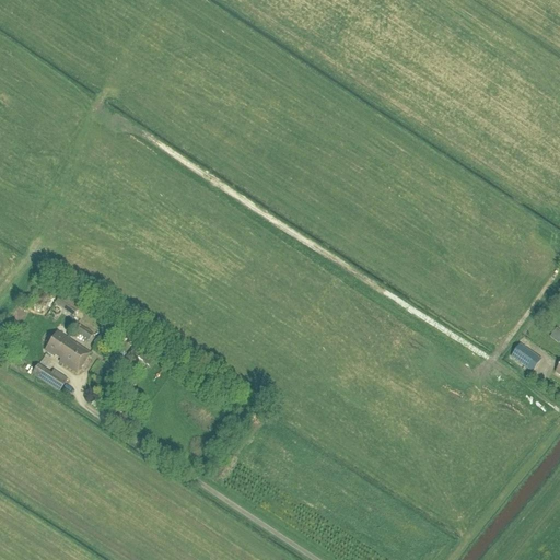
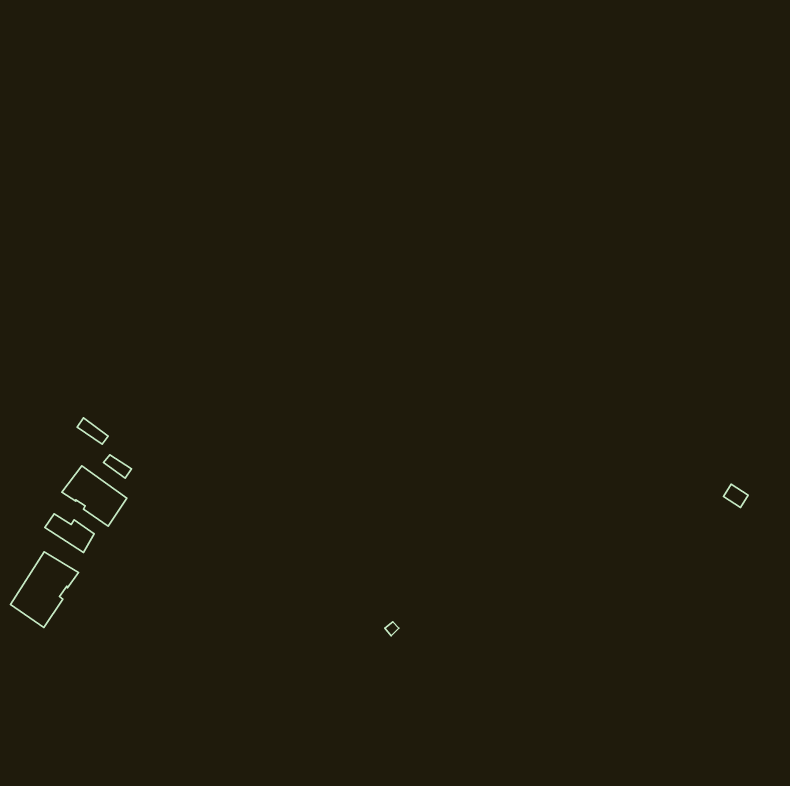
building: none -> [11,552,78,627]

